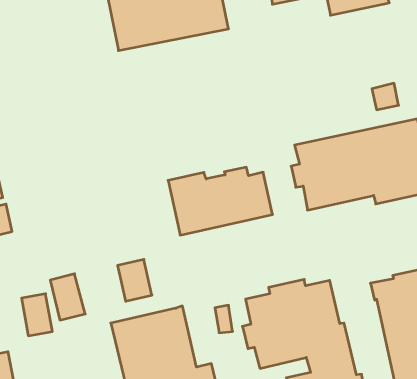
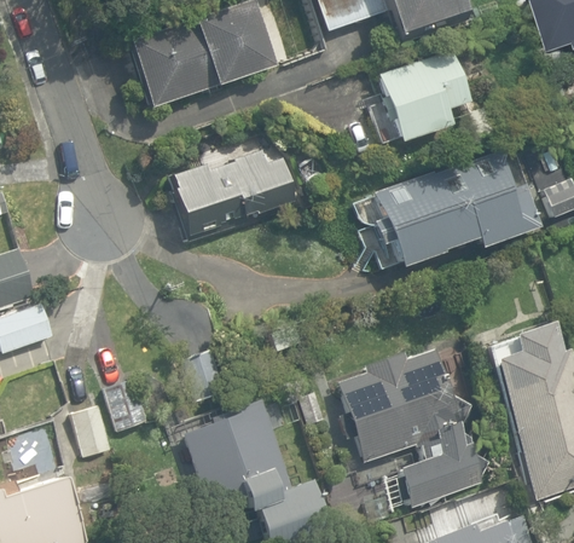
building: none -> [376,50,469,143]
building: [168,167,273,235] -> [168,151,296,241]

